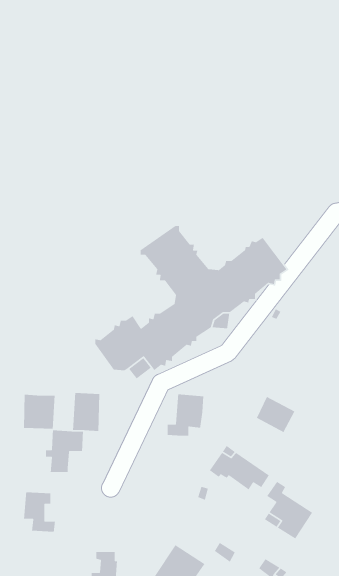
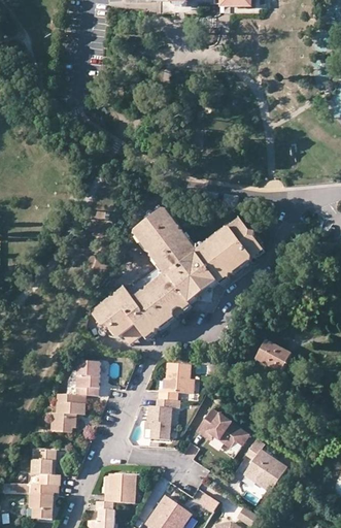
building: [23,394,55,430] -> none
building: [256,396,296,433] -> [255,338,291,371]
building: none -> [146,398,171,437]
building: none -> [103,472,135,501]
building: none -> [30,483,58,518]

